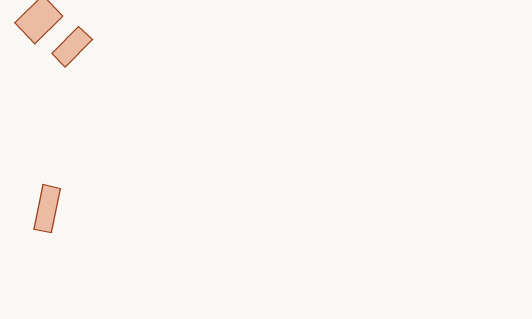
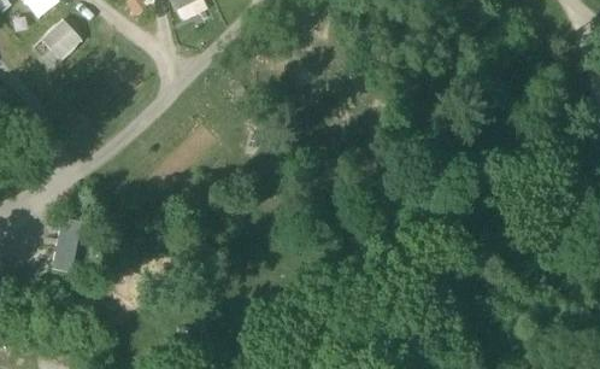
building: [52,27,93,67] -> none

